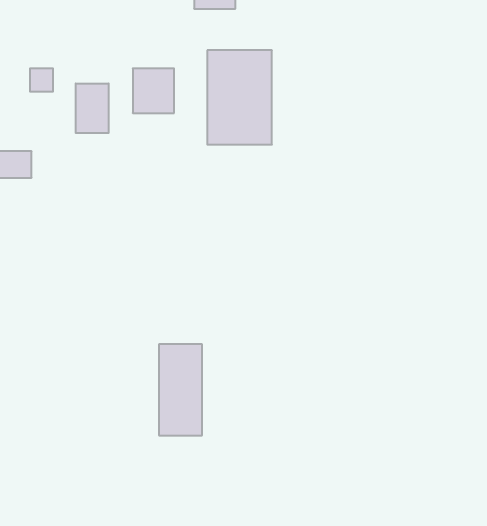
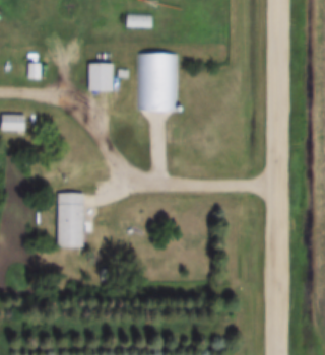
building: [76,83,109,133] -> none
building: [159,344,202,435] -> [59,193,85,248]

